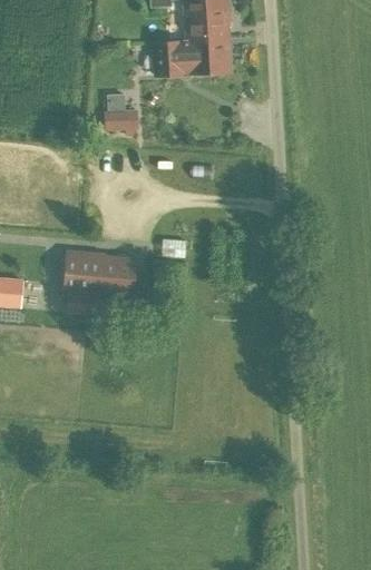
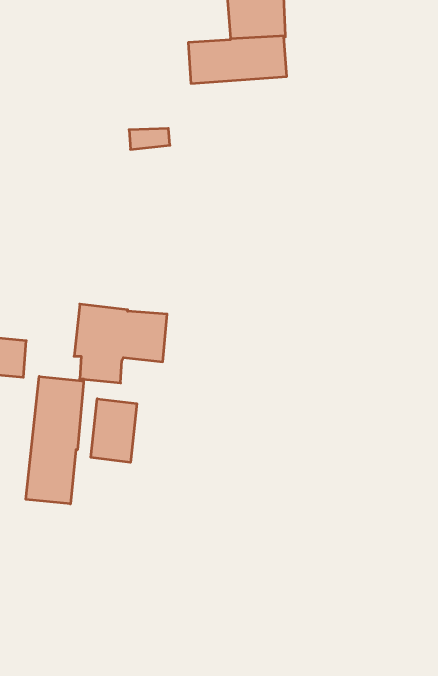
building: none -> [26,376,84,504]
building: none -> [91,399,137,462]

